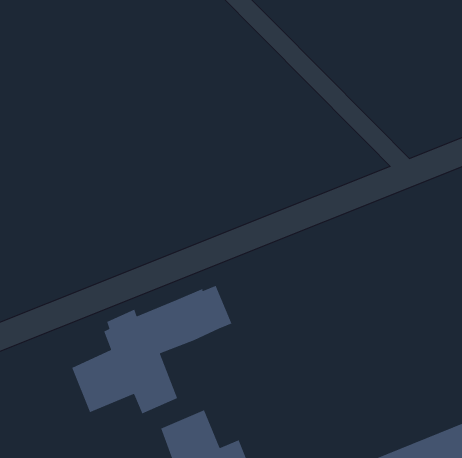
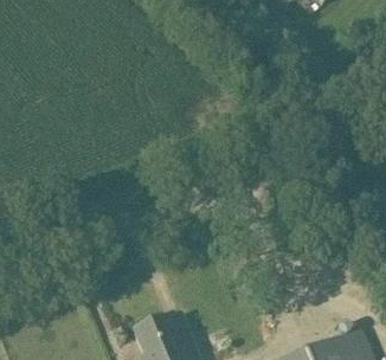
building: [71,285,232,414] -> none

